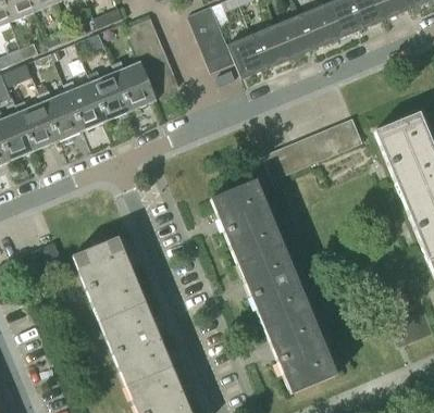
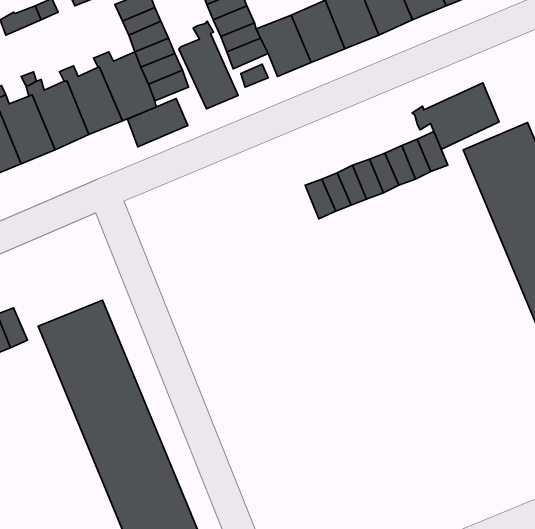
building: none -> [179,21,238,109]
building: none -> [412,83,499,149]
building: none -> [127,99,188,147]
building: [211,178,337,392] -> none

